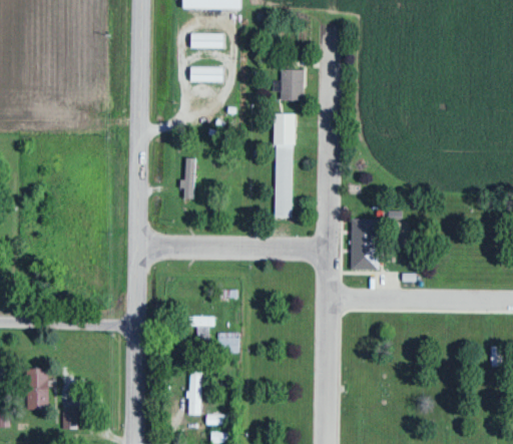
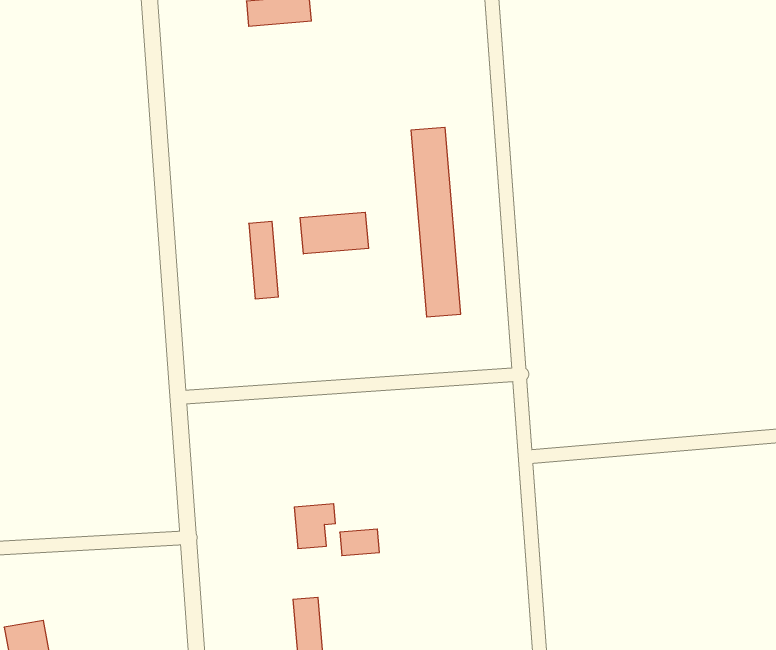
building: [189,67,223,82] -> none
building: [280,69,303,100] -> none
building: none -> [300,212,369,254]
building: [351,218,379,271] -> none

